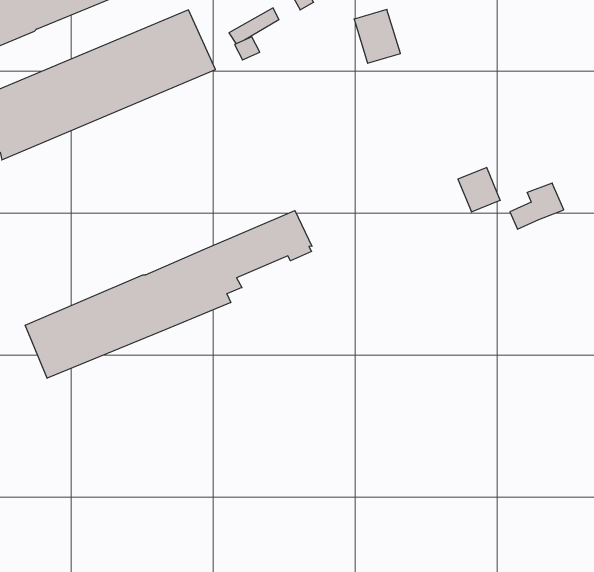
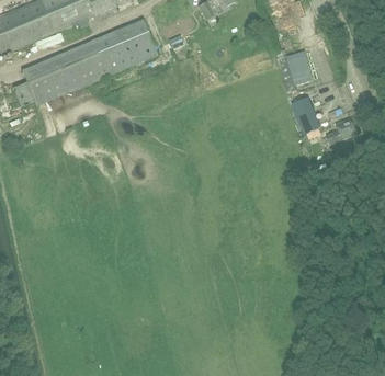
building: [354,9,400,63] -> [288,54,315,84]
building: [25,211,312,378] -> none

